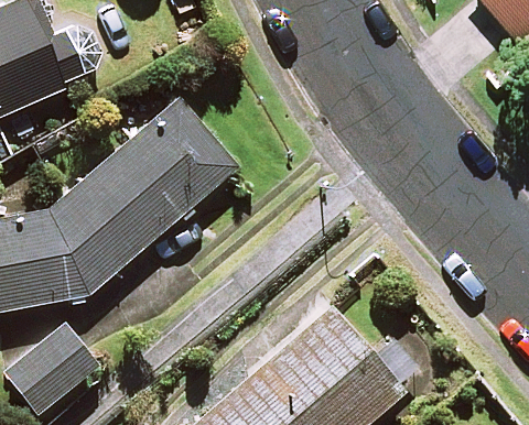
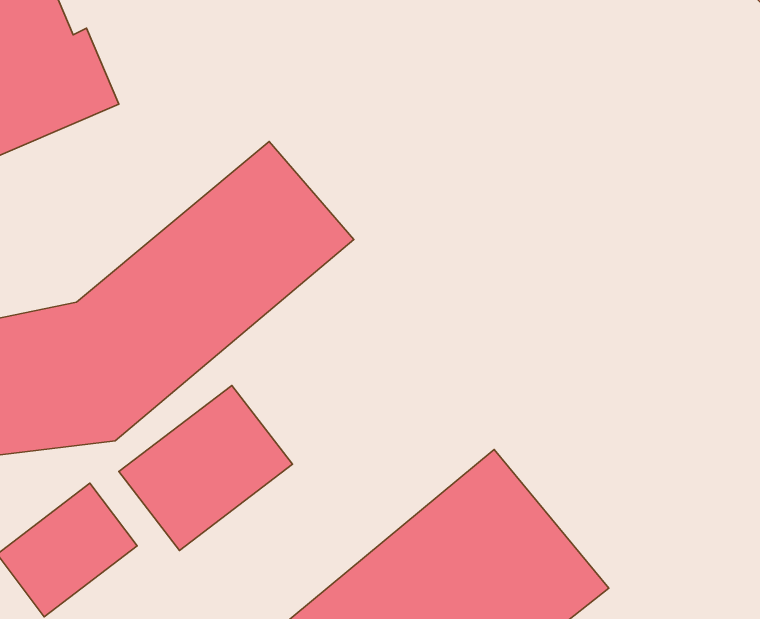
building: none -> [119,385,293,550]

